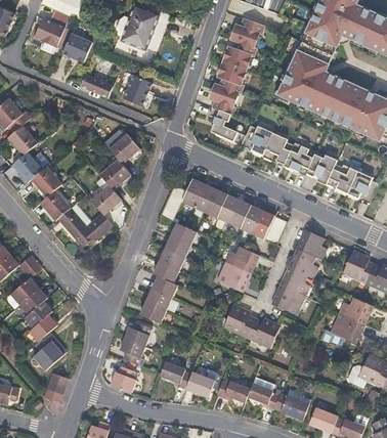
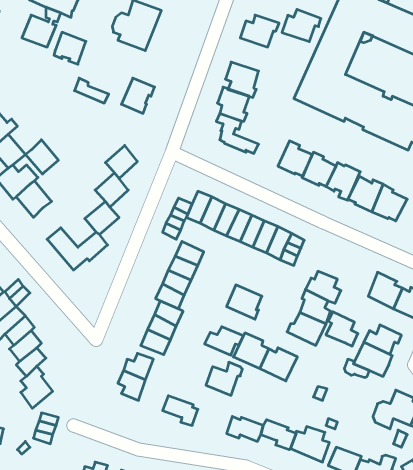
building: [221,40,256,69] -> [282,9,321,42]
building: [242,124,273,154] -> none
building: [39,190,69,221] -> [25,140,58,174]
building: [299,227,328,258] -> [326,312,358,346]
building: [225,245,260,270] -> [205,327,243,355]
building: [111,365,136,392] -> none
building: [186,365,219,395] -> [206,362,242,395]

